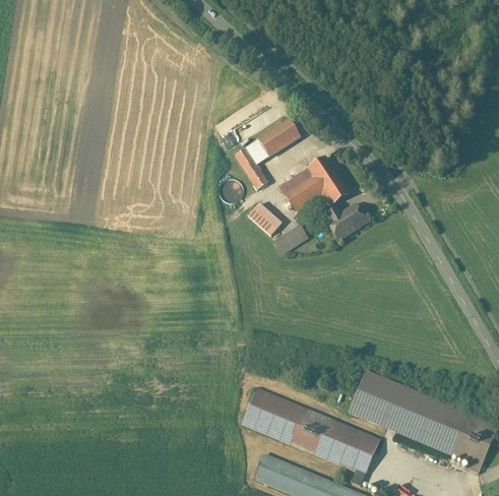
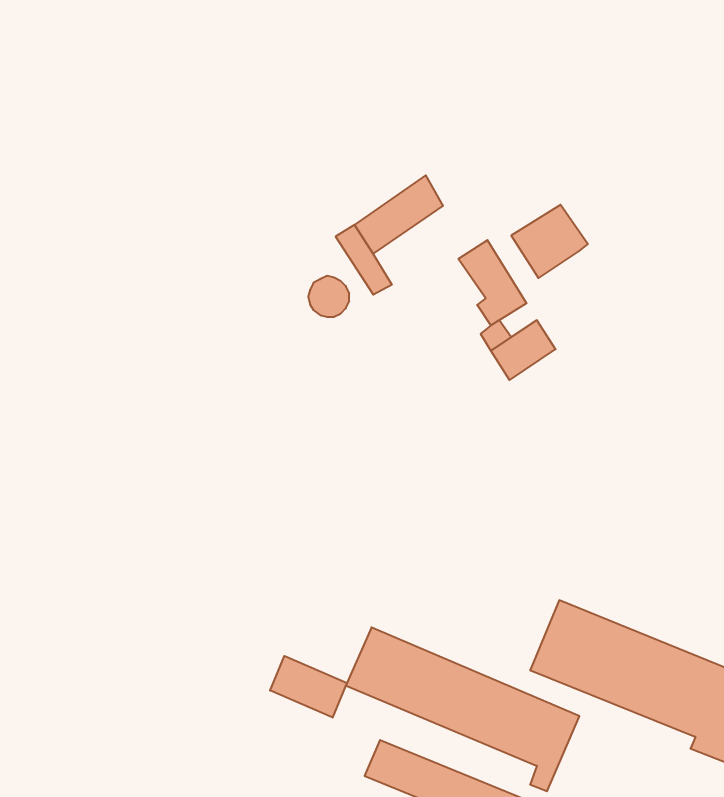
building: [278,168,324,211] -> [511,205,588,278]
building: [247,201,282,235] -> none
building: [272,224,308,254] -> none
building: none -> [270,656,347,718]

